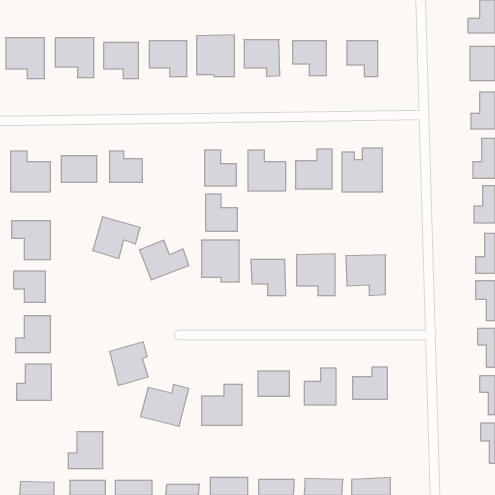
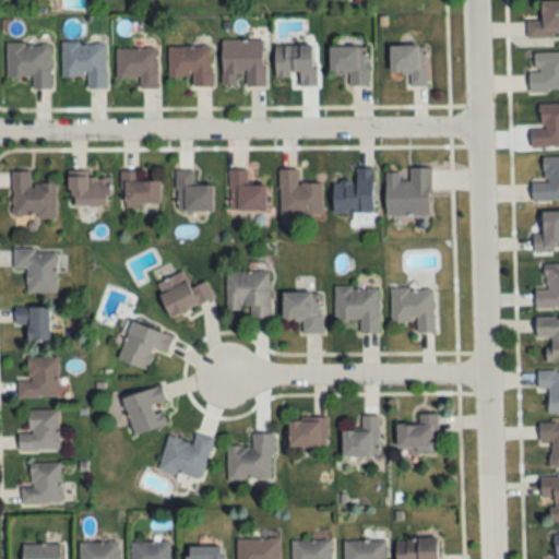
building: [206,194,238,231] -> [177,169,213,211]
building: [93,217,140,258] -> [119,322,173,369]
building: [68,432,103,469] -> [21,463,60,504]

